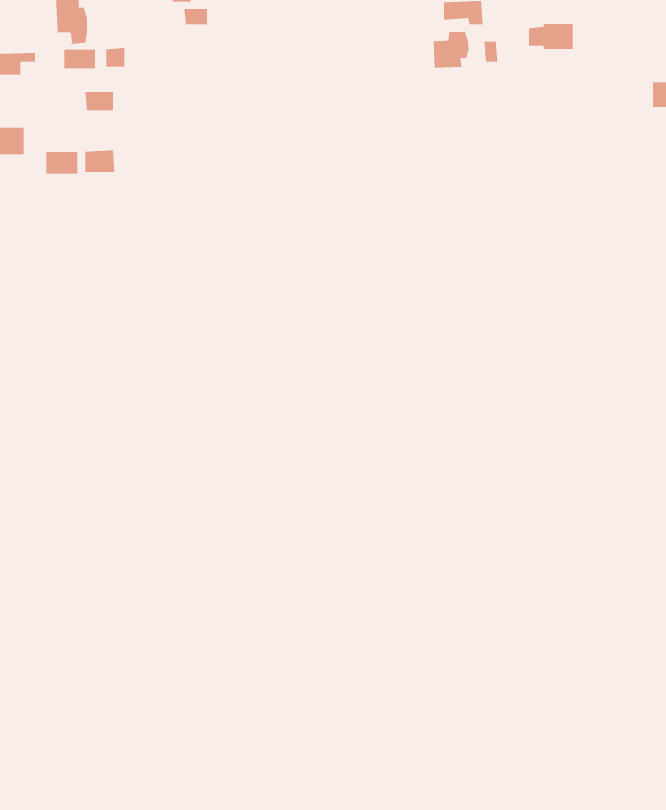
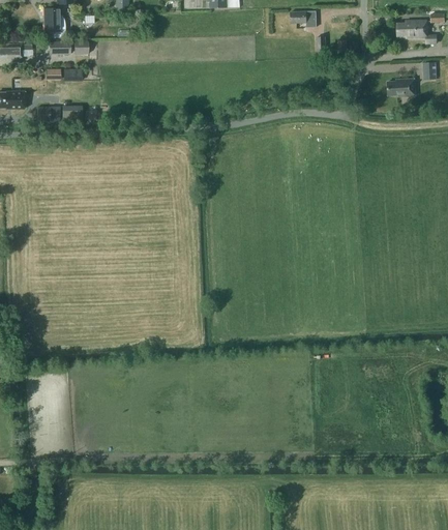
building: [528,23,574,49] -> [397,20,426,36]
building: [433,31,469,68] -> none
building: none -> [387,78,415,95]

